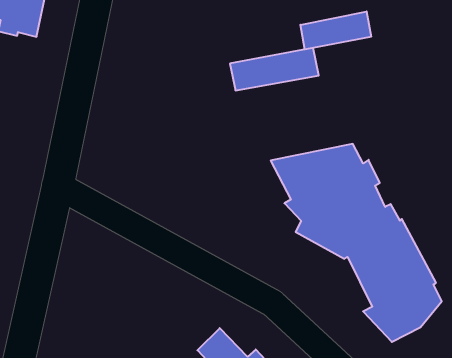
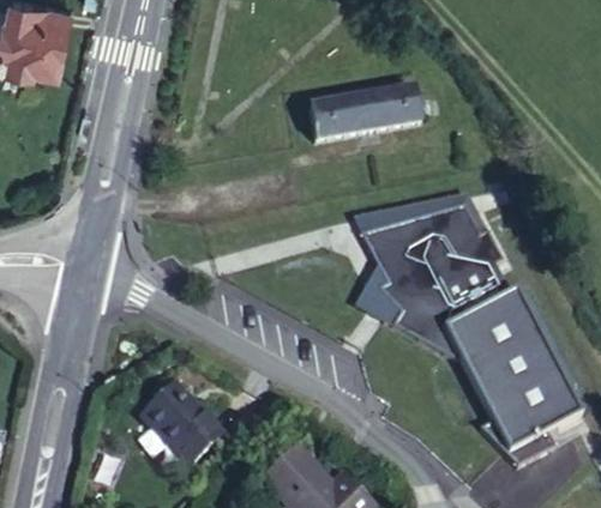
building: [300,11,371,49] -> none
building: none -> [138,382,218,465]

